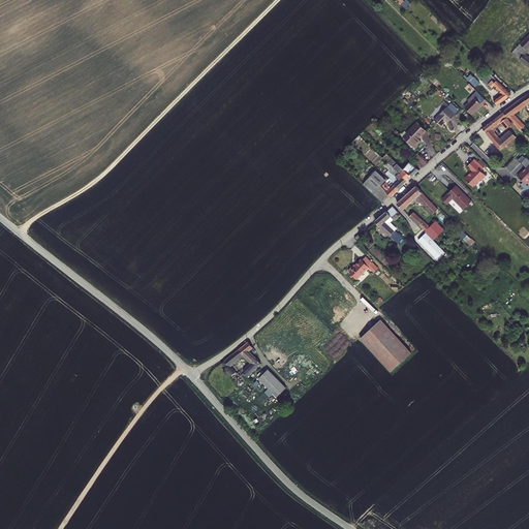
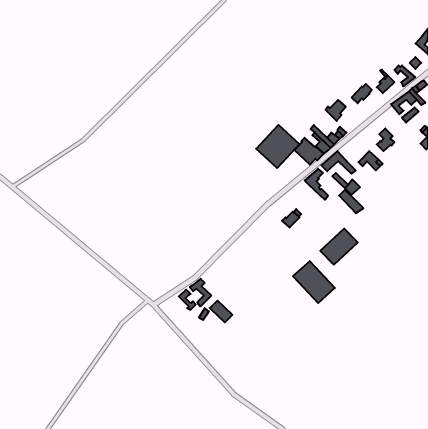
building: none -> [256,125,300,168]
building: none -> [320,229,358,265]

